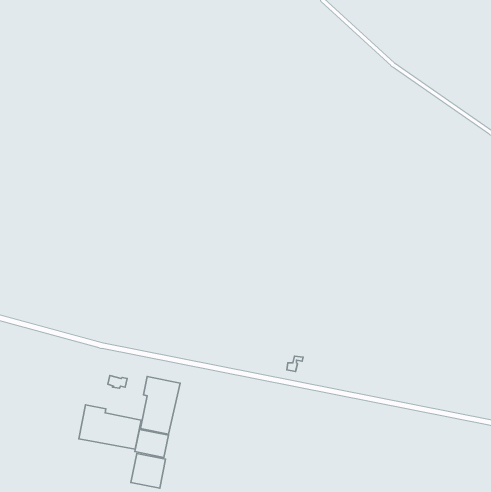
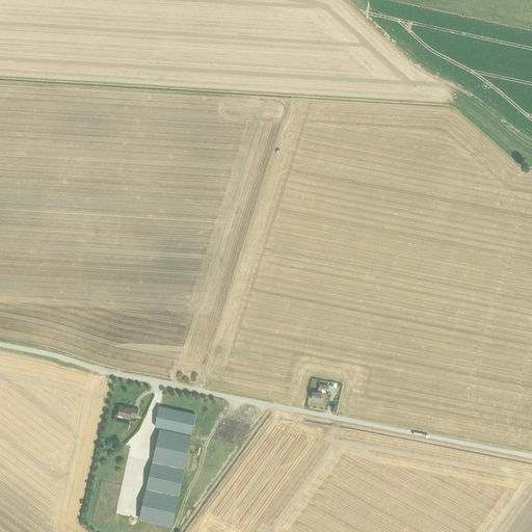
building: [79,405,141,449] -> none

